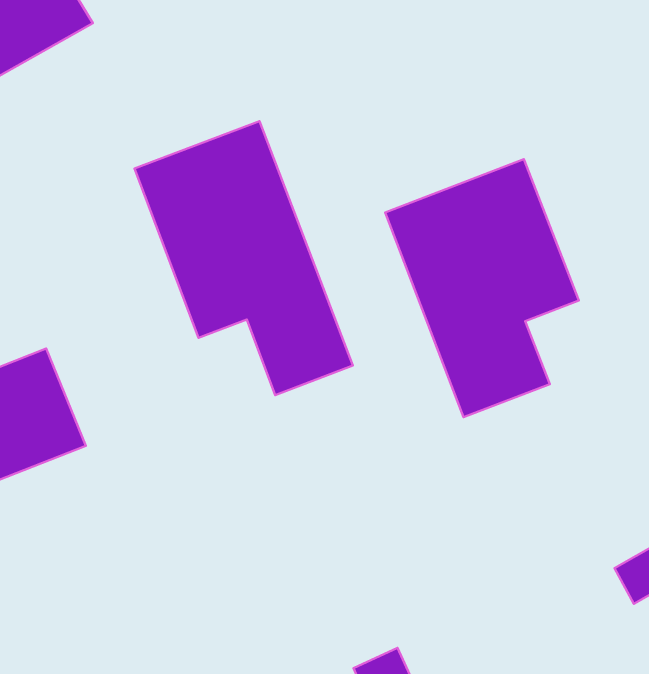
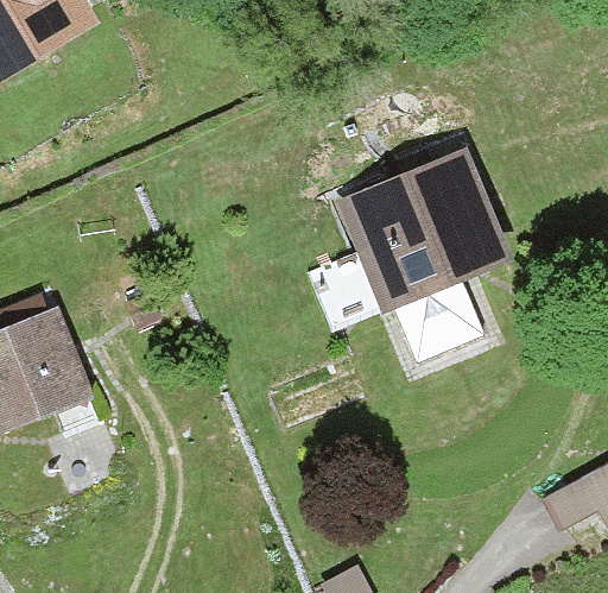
building: [135,121,353,395] -> none

